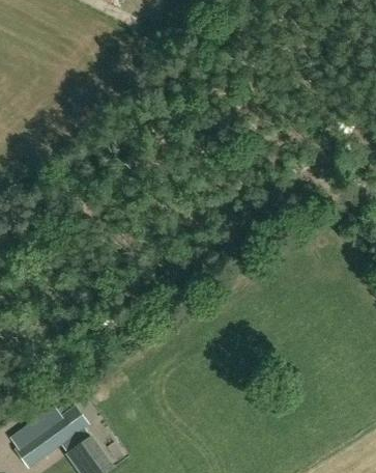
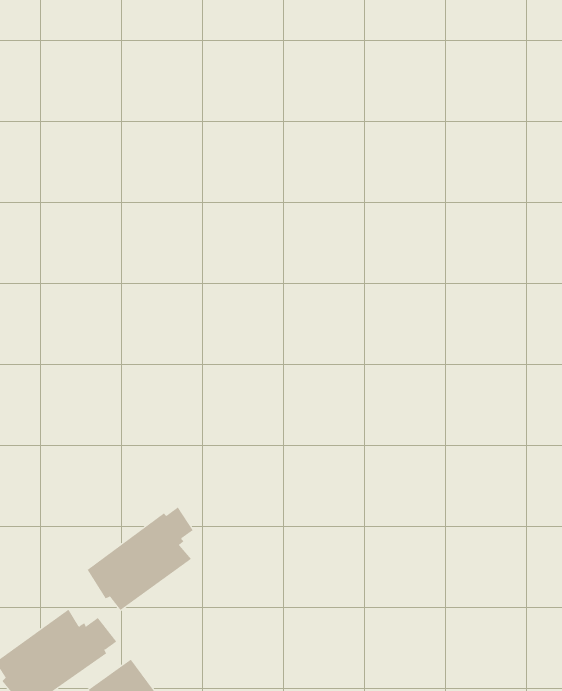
building: none -> [87,507,194,611]

